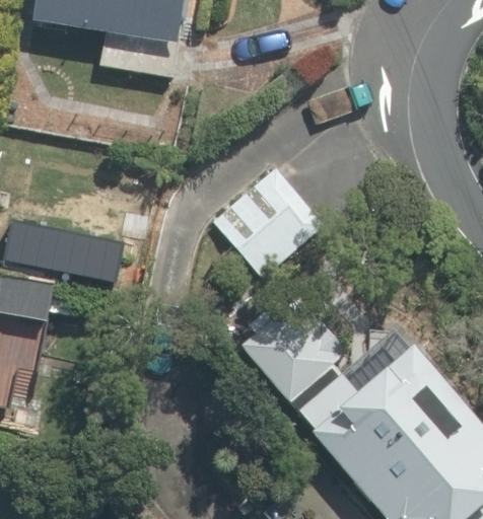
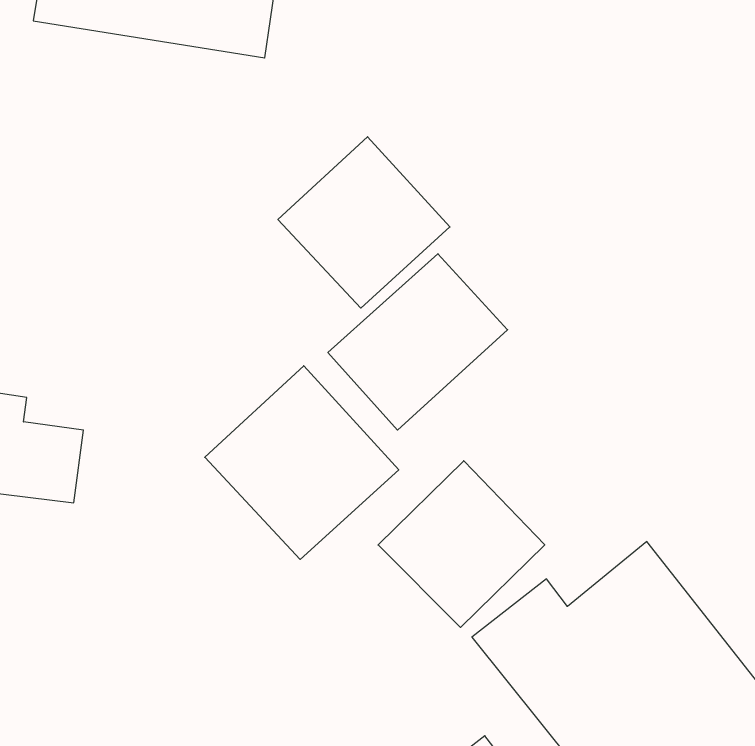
building: none -> [278,137,450,308]
building: none -> [205,366,399,559]

